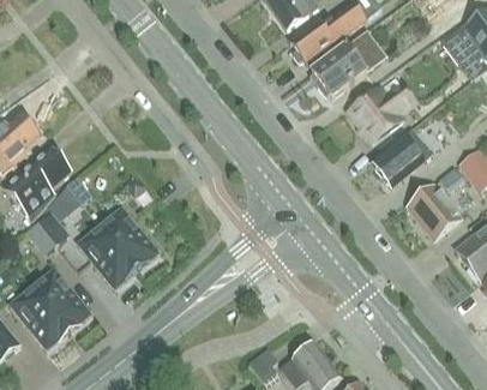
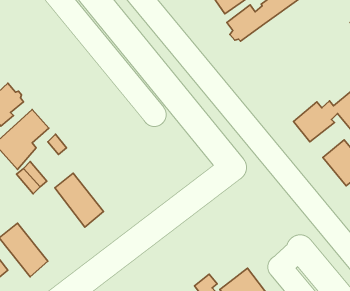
building: [311,30,377,97] -> none
building: [348,86,411,142] -> none
building: [100,206,160,271] -> none
building: [31,268,92,332] -> none

